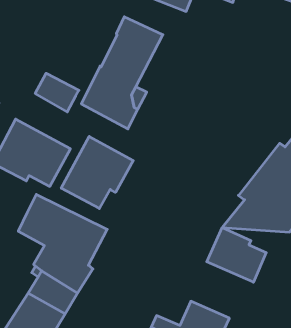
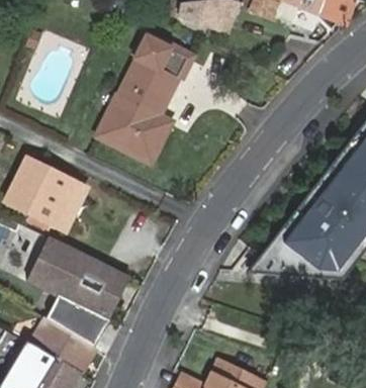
building: [35,73,79,112] -> none
building: [61,136,133,209] -> none
building: [207,228,266,282] -> none

